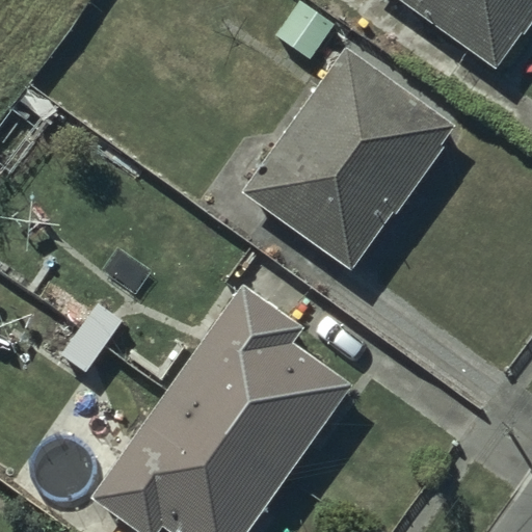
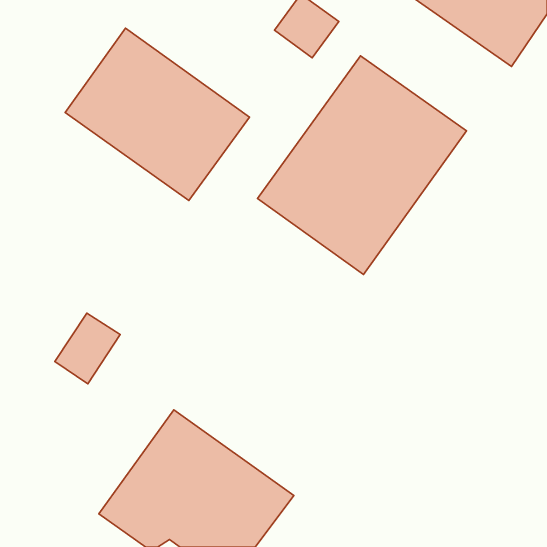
building: none -> [65,28,250,201]
building: [168,291,349,480] -> none

